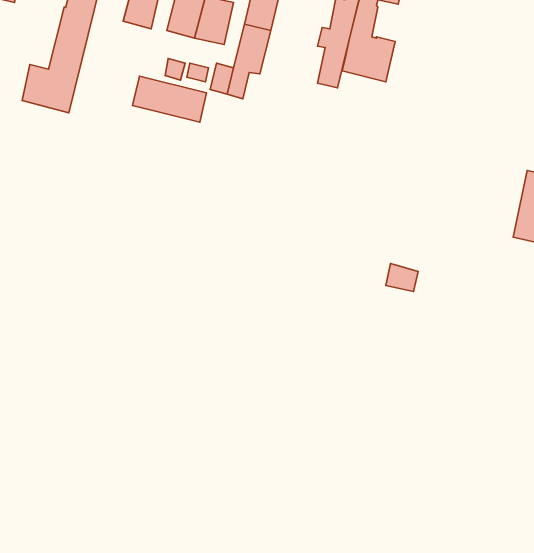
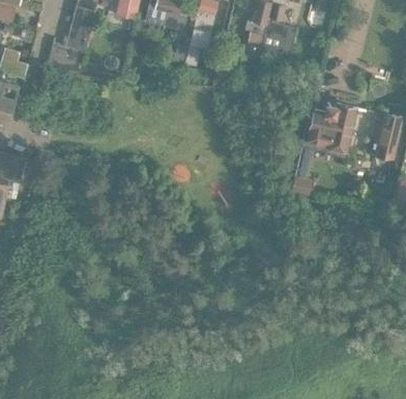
building: [133,76,207,122] -> none
building: none -> [302,104,356,158]

